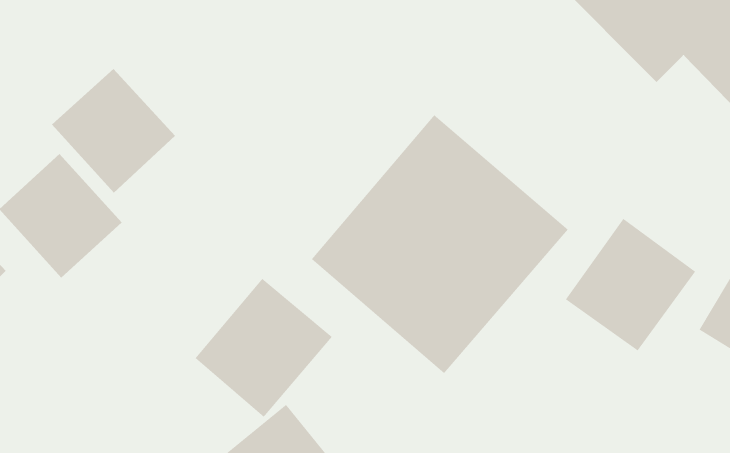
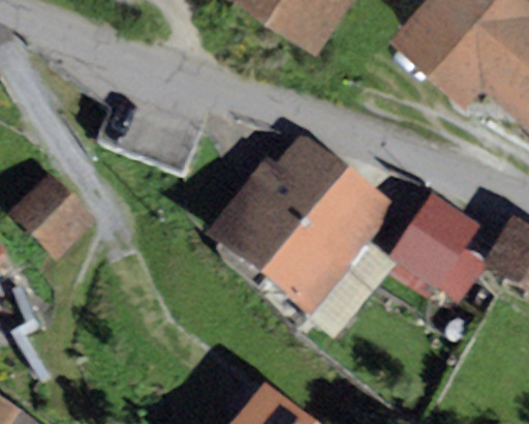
building: [51,68,176,194] -> none
building: [194,278,333,418] -> none

